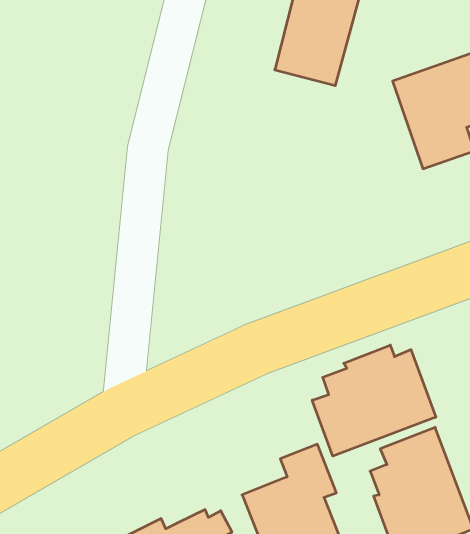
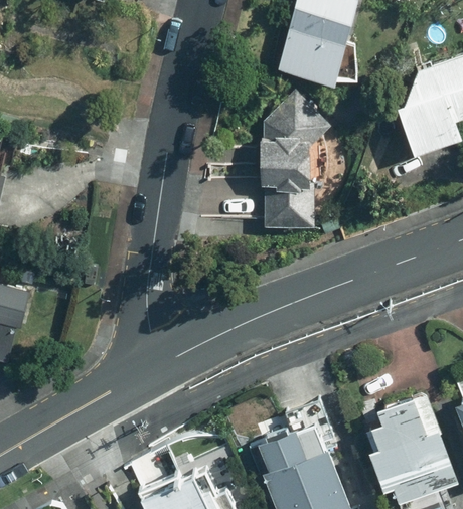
building: none -> [261,92,330,228]
building: [312,345,436,456] -> none

